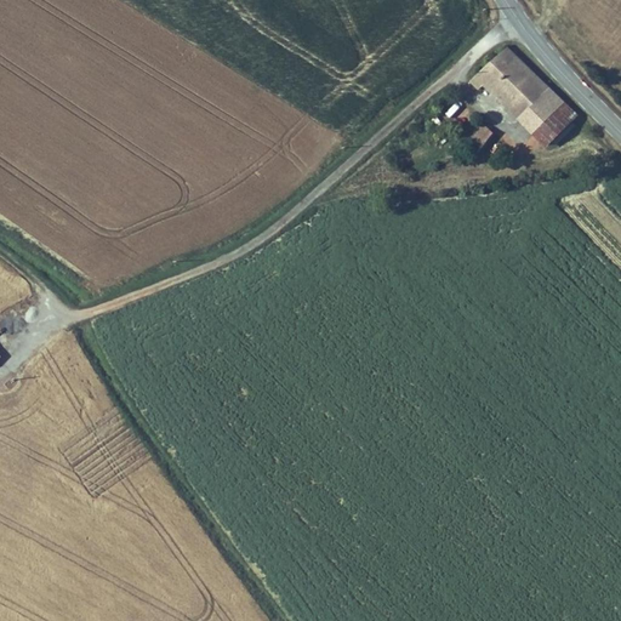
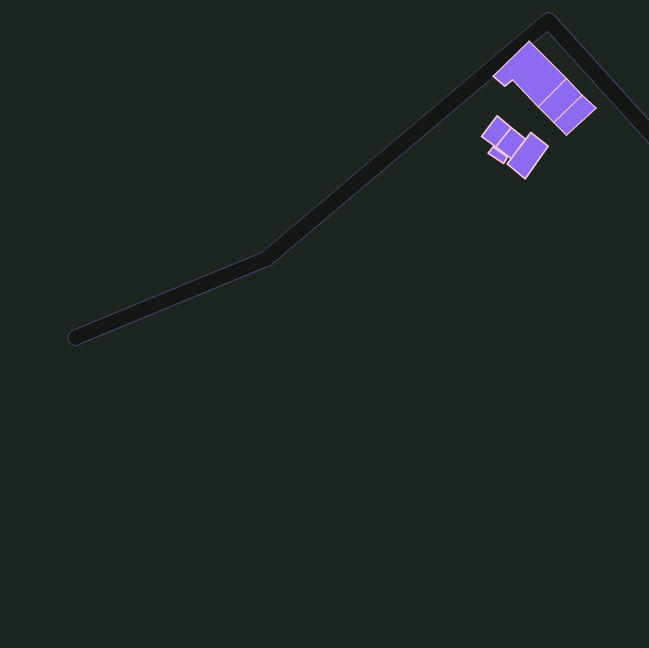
building: none -> [507,132,548,179]

